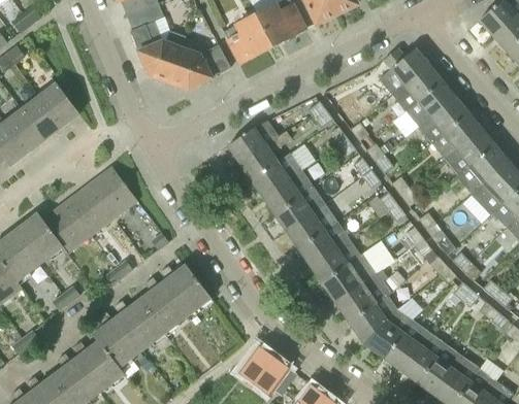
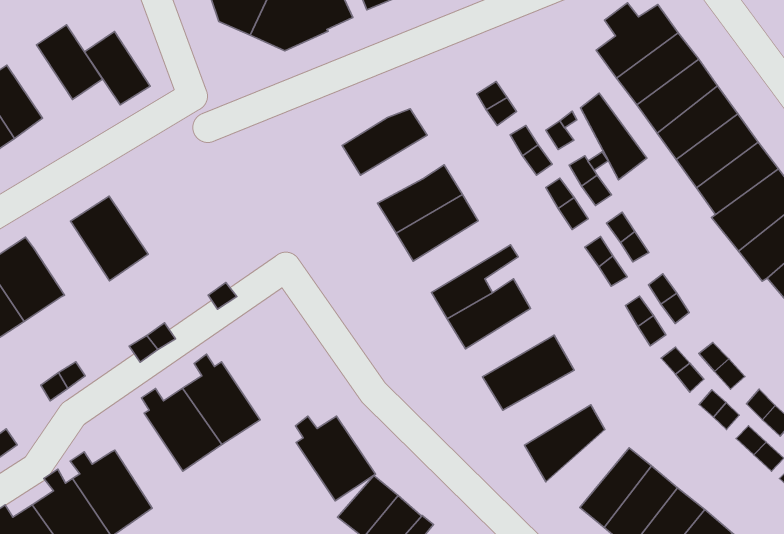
building: [21,96,62,140] -> [84,32,150,105]
building: none -> [581,93,647,180]
building: [240,132,293,180] -> none
building: [88,167,138,220] -> none
building: [275,188,327,233] -> none
building: [43,202,91,255] -> none
building: [311,239,361,282] -> none
building: [161,265,212,316] -> [295,416,375,501]
building: [335,275,391,323] -> none
building: [364,310,414,359] -> none
building: [93,312,142,367] -> none

